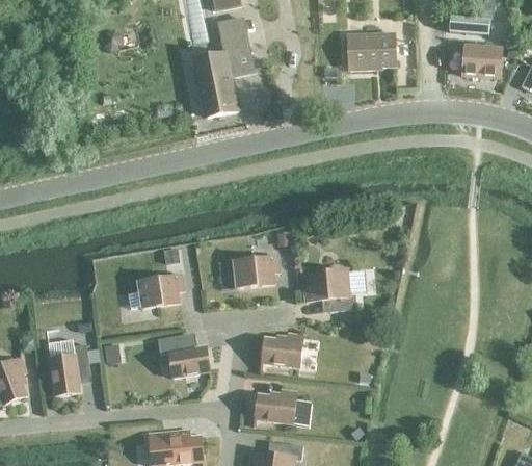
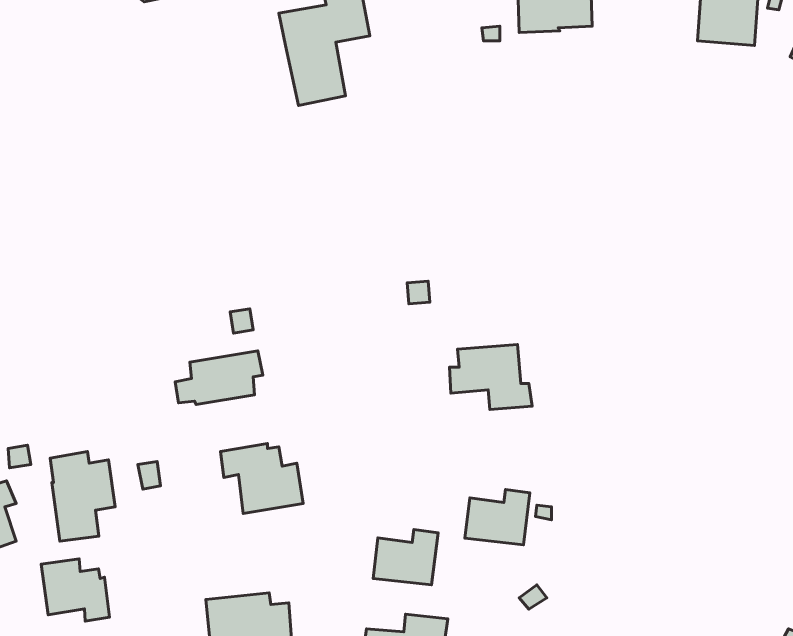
building: [233,255,280,287] -> none
building: [261,332,302,367] -> [465,490,530,545]
building: none -> [41,559,109,621]

